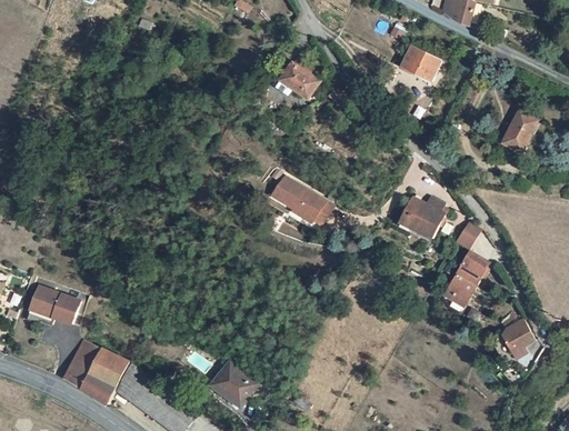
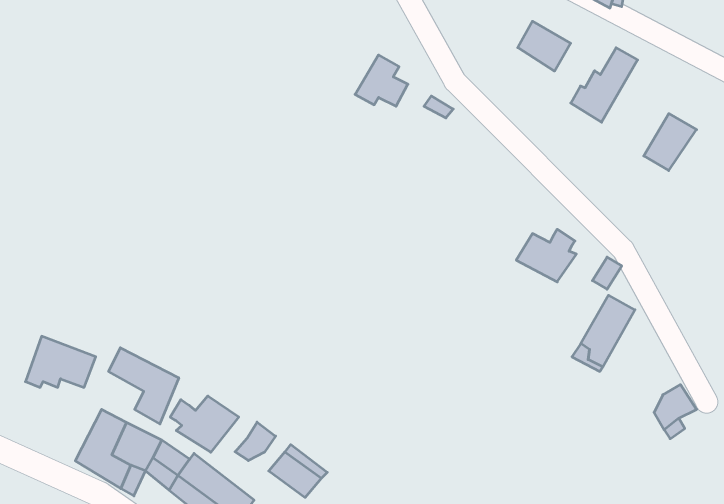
building: none -> [571,48,638,122]
building: [270,173,330,221] -> none
building: none -> [109,348,179,424]
building: none -> [170,396,239,452]
building: none -> [235,422,276,461]

